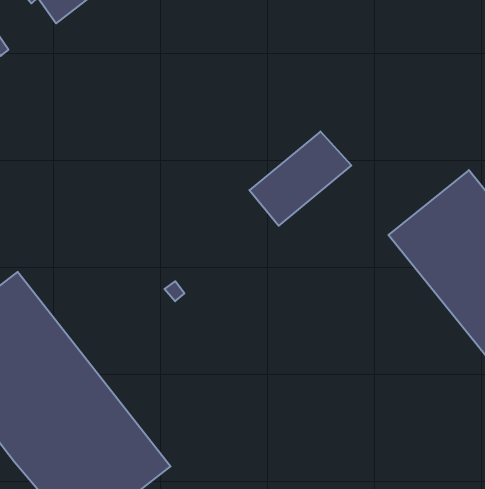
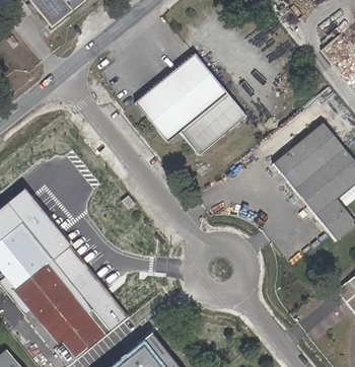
building: none -> [135,56,225,143]

